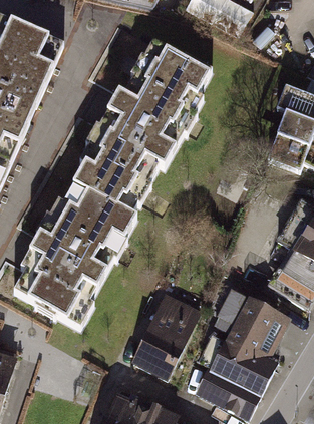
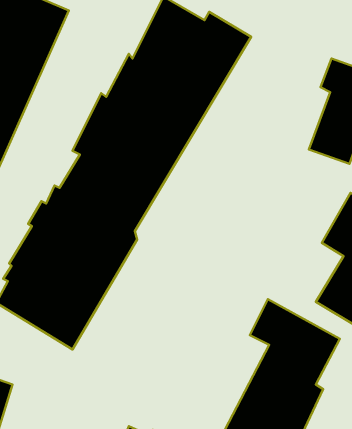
building: [130,292,202,381] -> none

